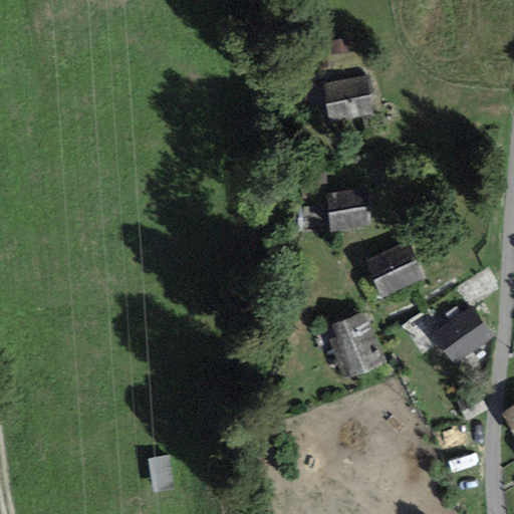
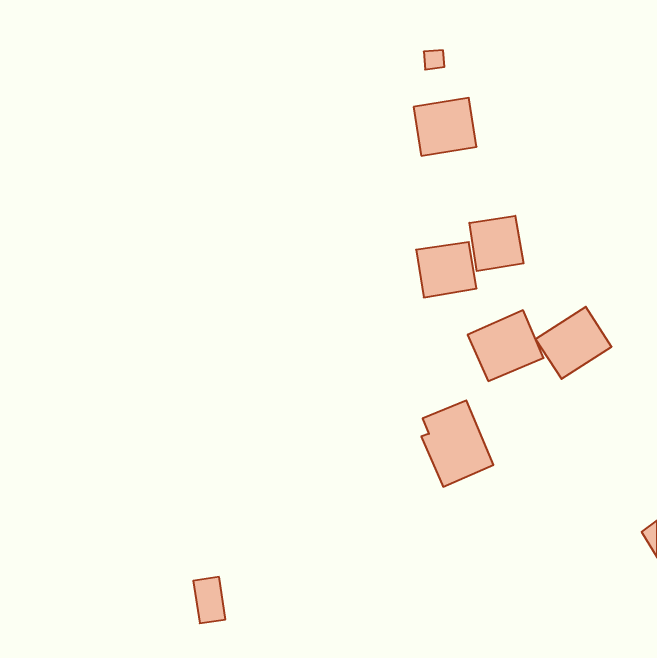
building: none -> [469,216,524,271]
building: [433,308,492,364] -> [536,307,612,379]

